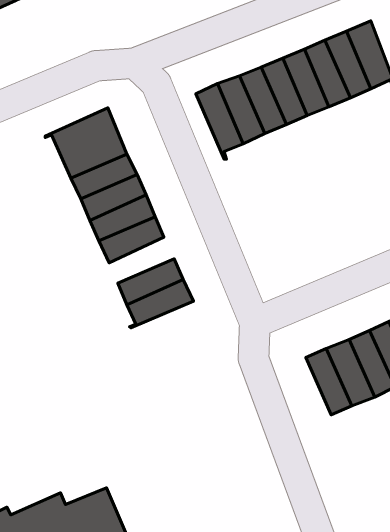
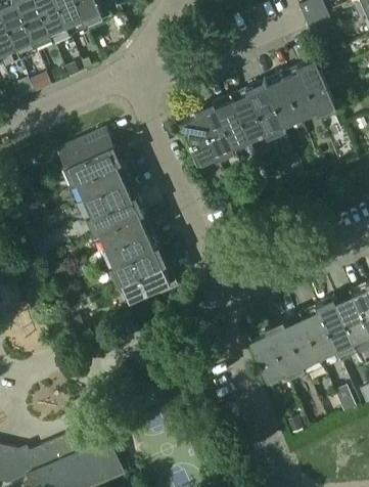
building: none -> [106,234,158,271]
building: none -> [246,330,284,390]

